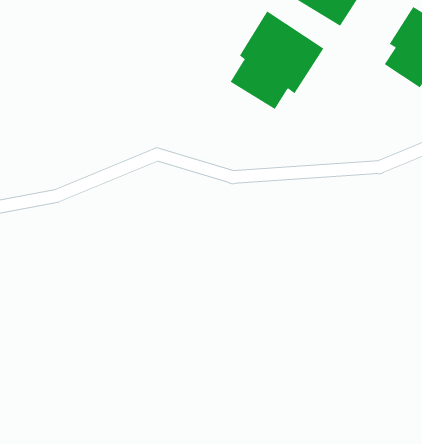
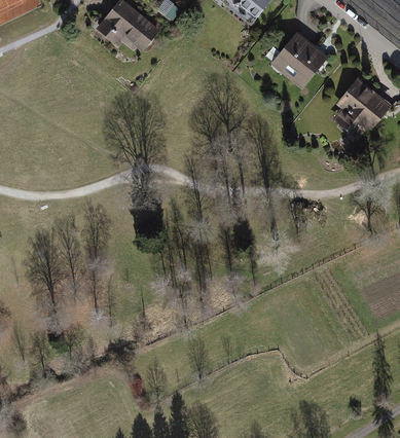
building: [230,10,324,110] -> none

